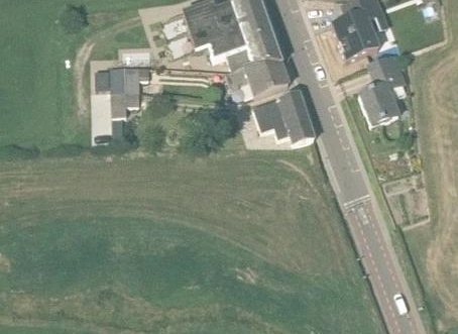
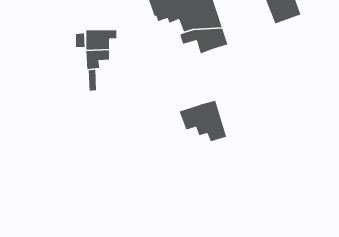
building: [358,54,406,125] -> none
building: [252,92,313,144] -> [179,100,227,142]

